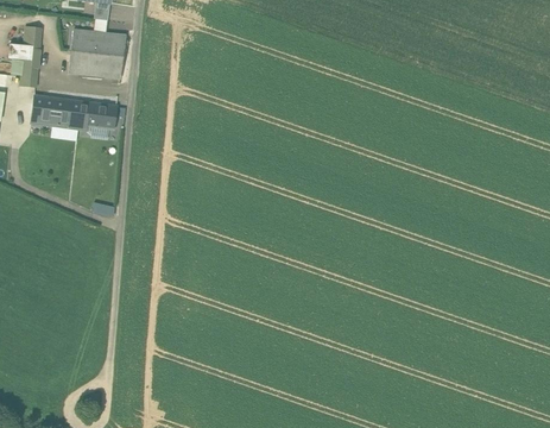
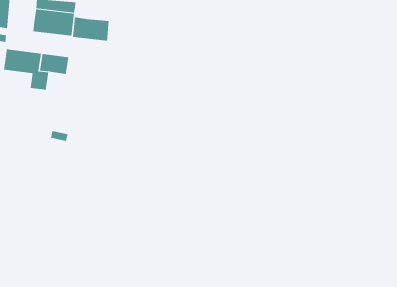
building: none -> [72,16,109,42]

